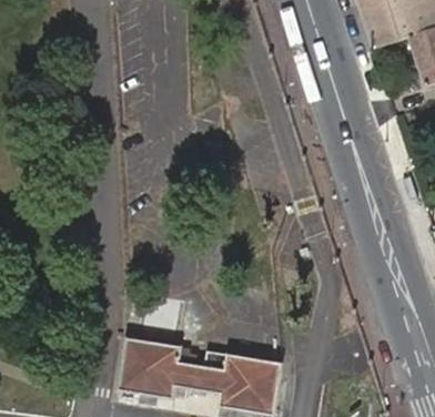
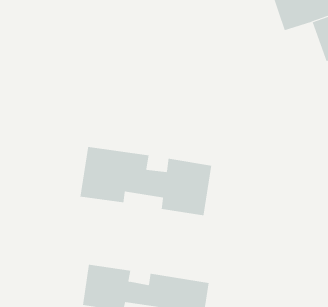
building: none -> [80,146,212,216]

